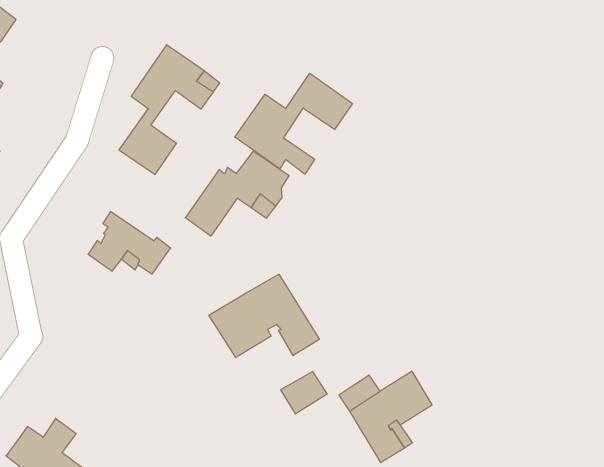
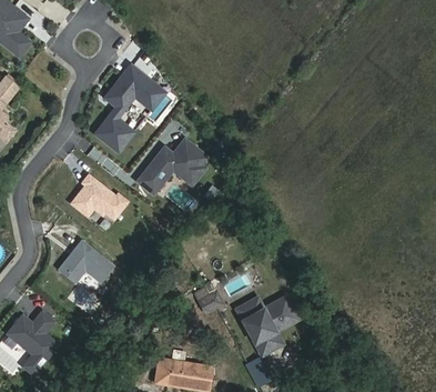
building: [235,73,352,174] -> none
building: [209,274,319,357] -> none
building: none -> [58,240,112,282]

